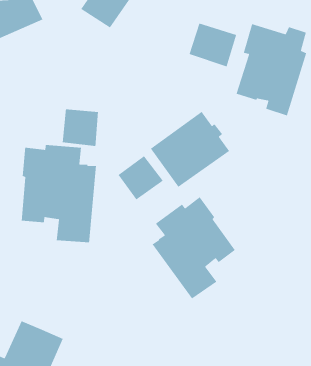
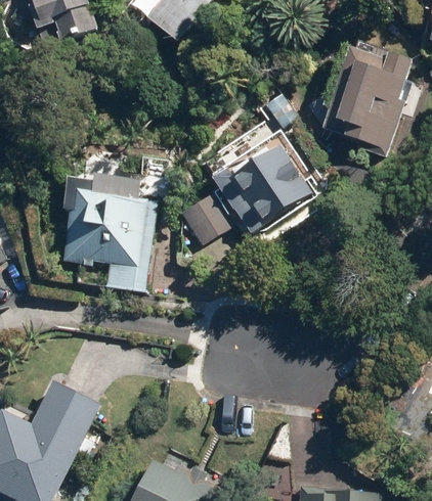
building: [189,23,237,67] -> none
building: [62,108,99,147] -> none
building: [151,196,236,300] -> none

